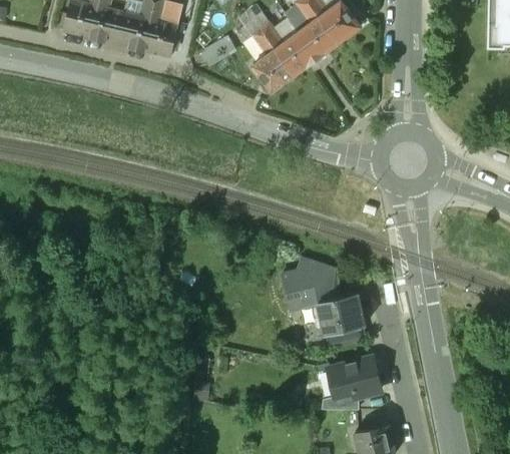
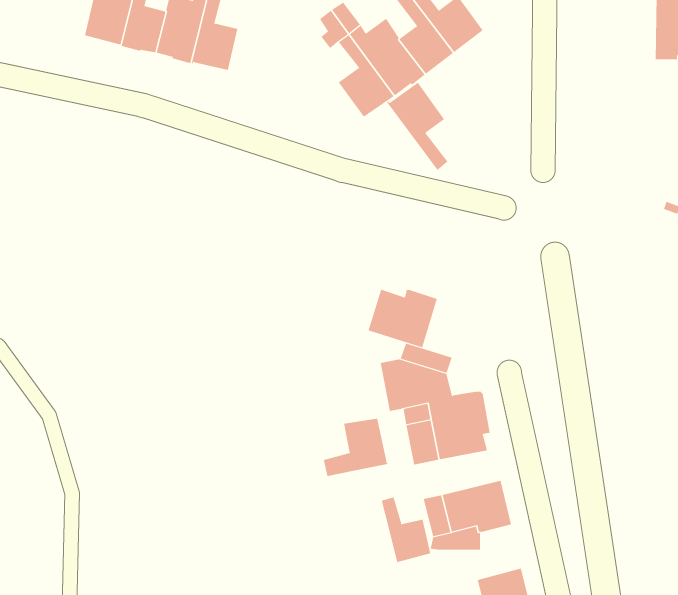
building: none -> [386,82,448,171]
building: none -> [368,289,438,348]
building: none -> [323,418,388,477]
building: none -> [381,497,431,564]

